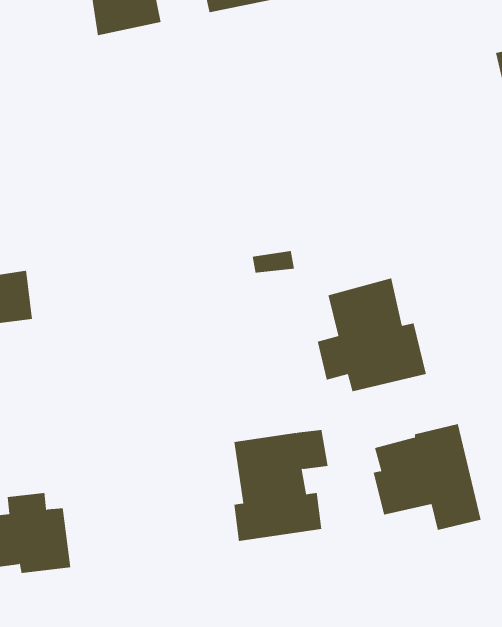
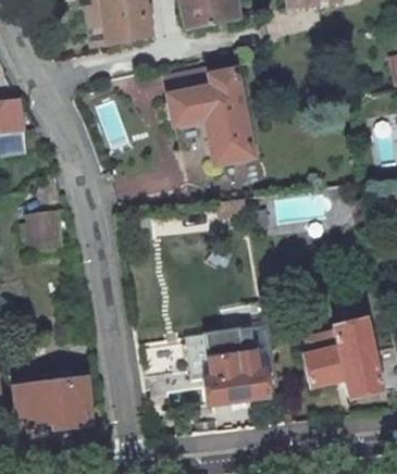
building: none -> [166,67,252,163]
building: [317,278,426,392] -> none

